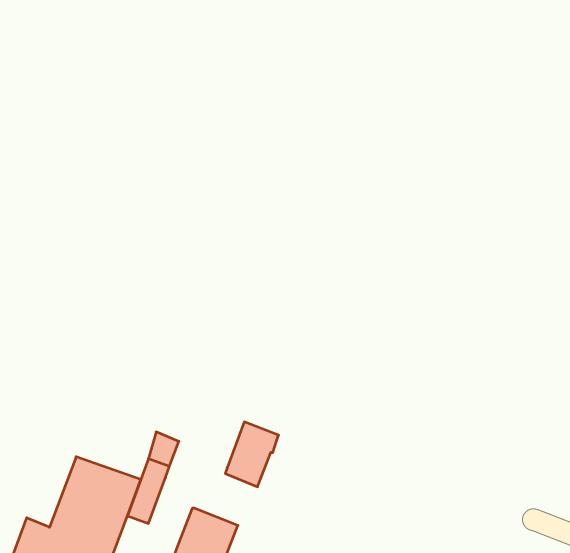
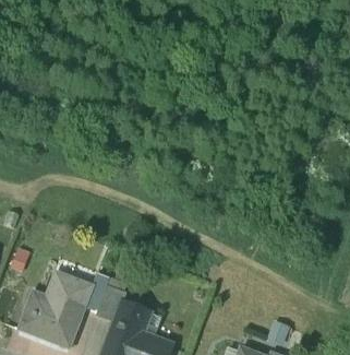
building: [225,422,279,487] -> [95,284,125,321]

